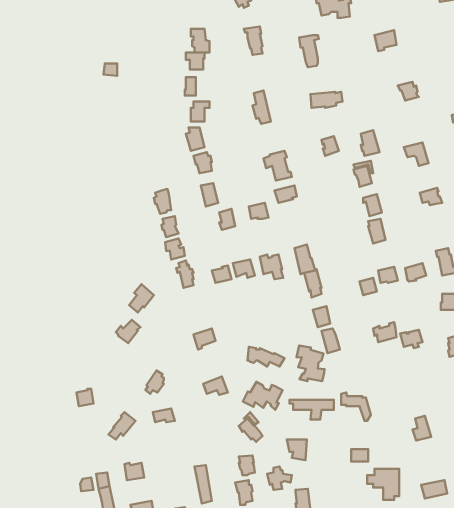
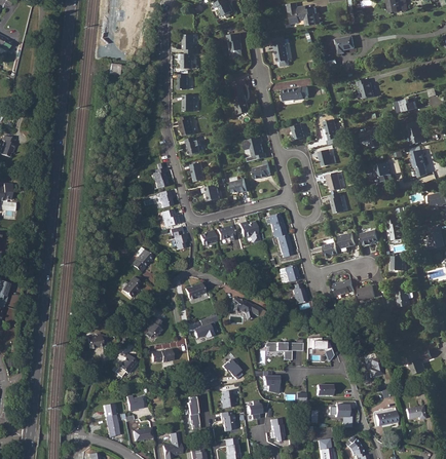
building: [297,345,325,381] -> none
building: [243,382,282,410] -> none

